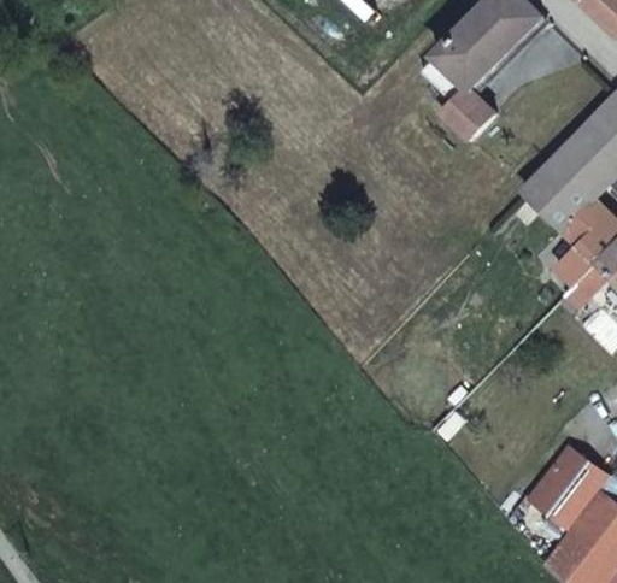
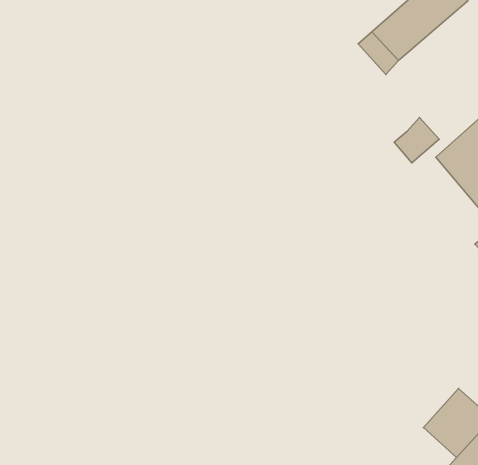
building: [445,86,495,137] -> [394,118,439,163]

